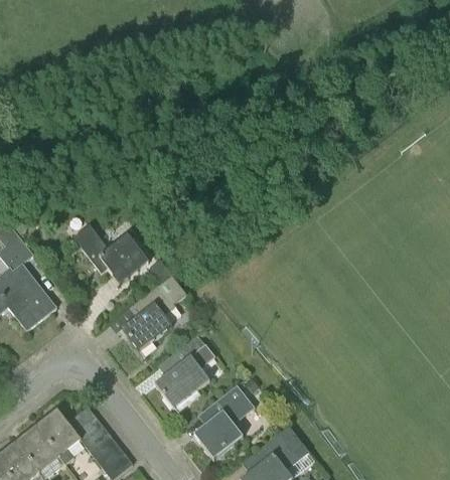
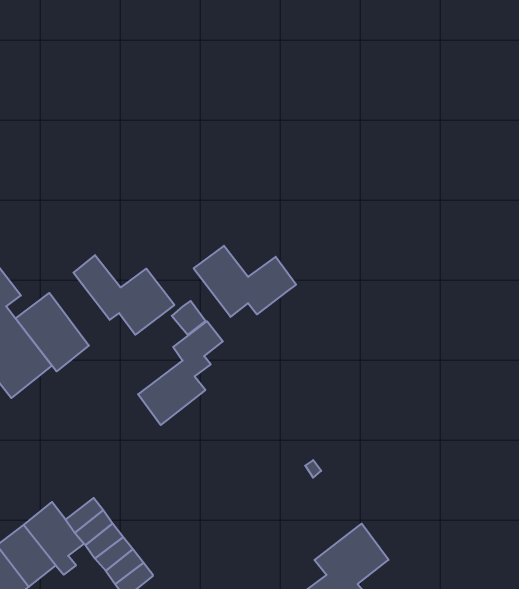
building: none -> [194,246,296,317]
building: none -> [15,293,89,371]
building: [154,334,214,409] -> none
building: [192,384,254,459] -> none

